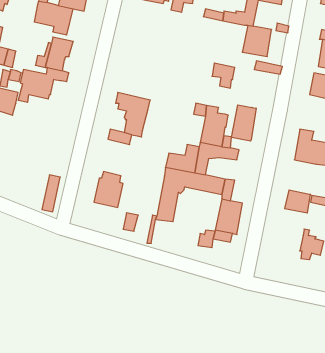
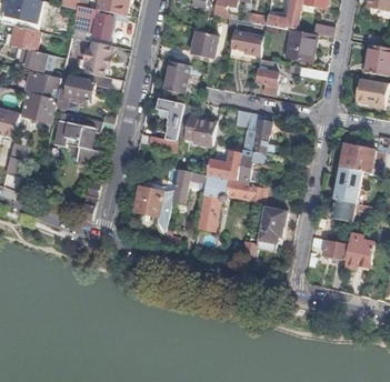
building: none -> [230,29,264,54]
building: none -> [192,31,218,59]
building: none -> [163,60,190,93]
building: [231,105,256,141] -> none
building: none -> [53,111,102,163]
building: none -> [184,114,218,145]
building: none -> [334,167,362,202]
building: none -> [172,169,208,202]
building: none -> [311,237,348,259]

